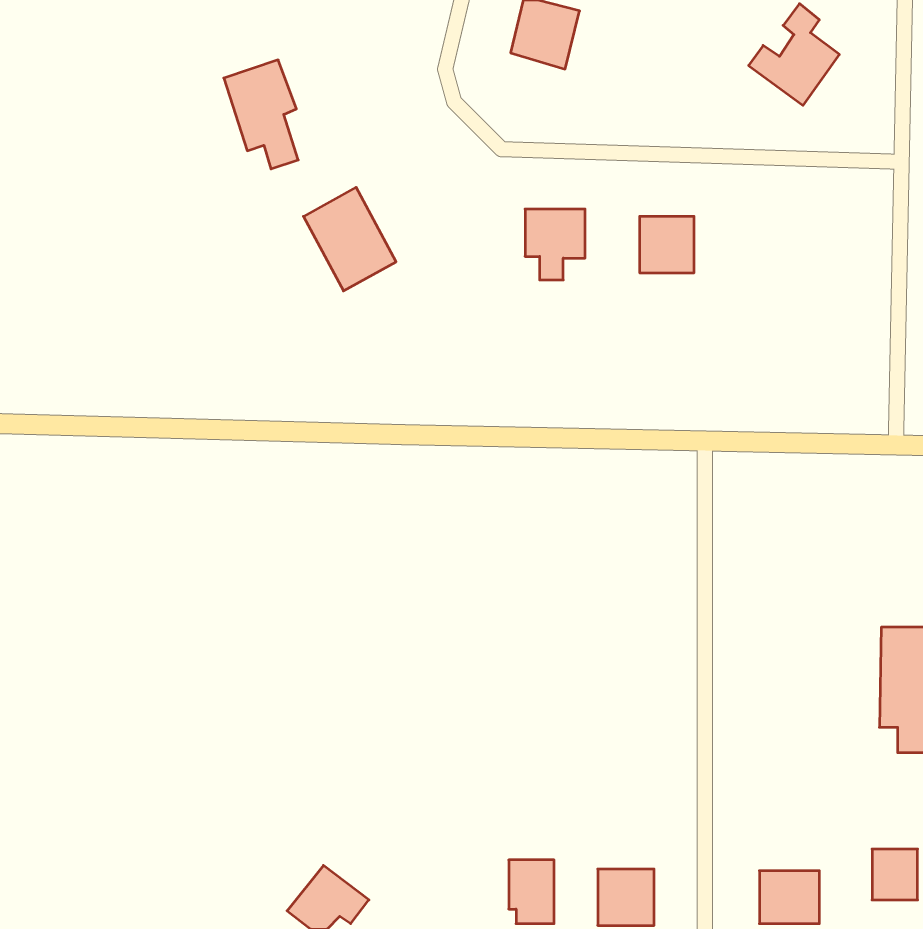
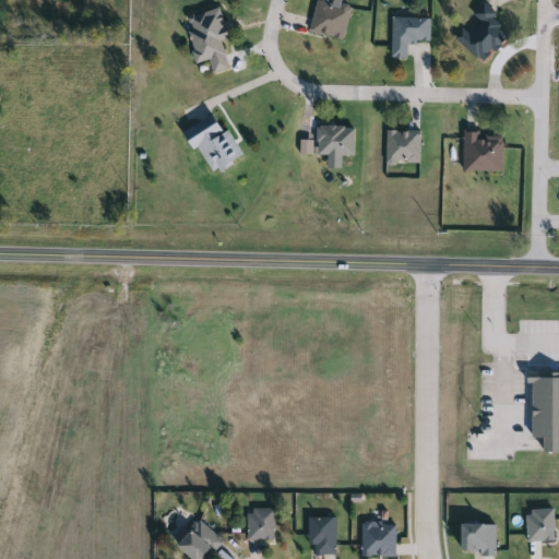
building: none -> [393,17,430,57]
building: [224,60,298,169] -> [186,8,230,73]
building: none -> [464,130,503,170]
building: none -> [248,508,275,539]

